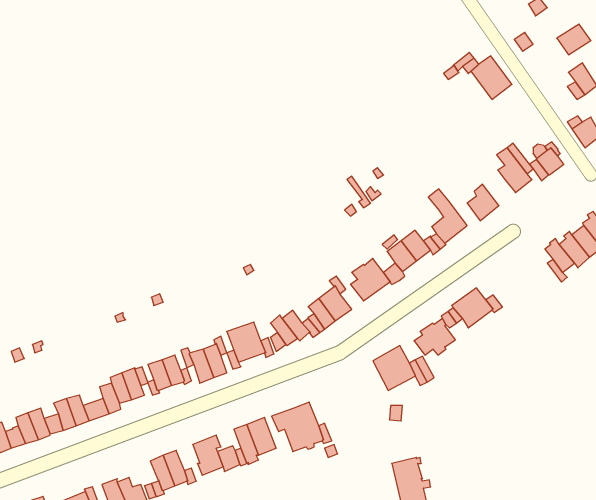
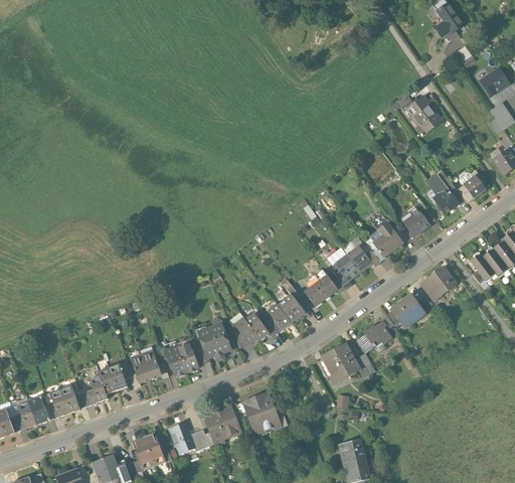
building: none -> [420,266,457,301]

